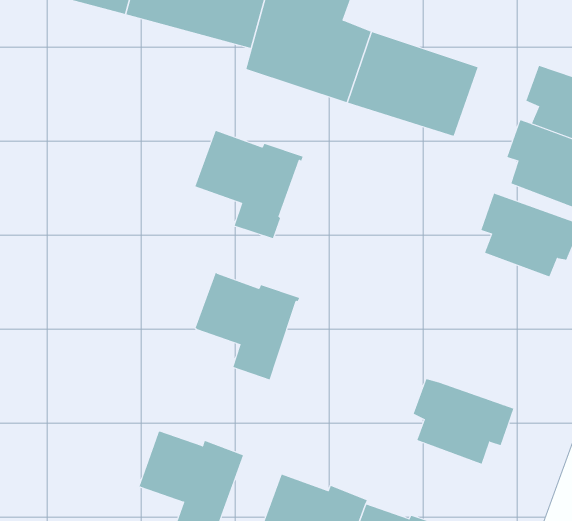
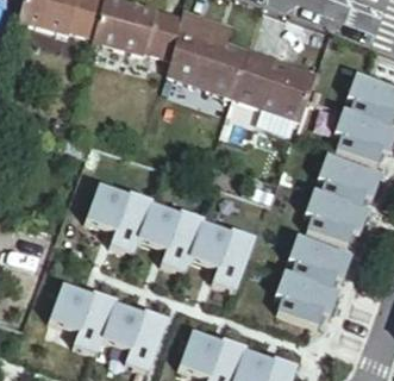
building: [195,130,303,239] -> [81,183,150,252]
building: none -> [302,188,367,243]
building: none -> [187,221,251,289]
building: none -> [284,235,350,287]
building: none -> [45,283,113,352]

